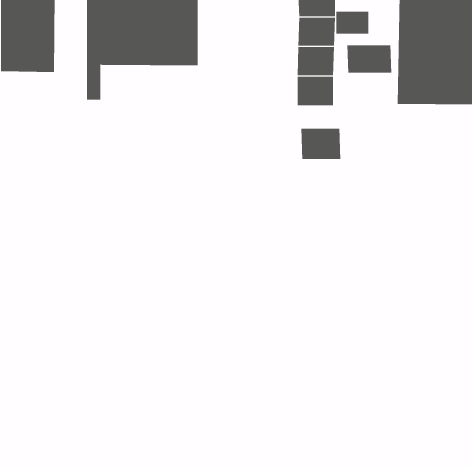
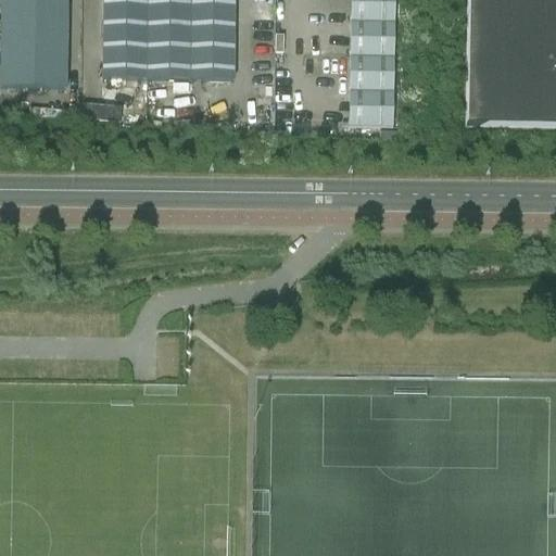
building: [336,11,369,34] -> none
building: [347,44,392,73] -> none
building: [301,128,341,160] -> none

